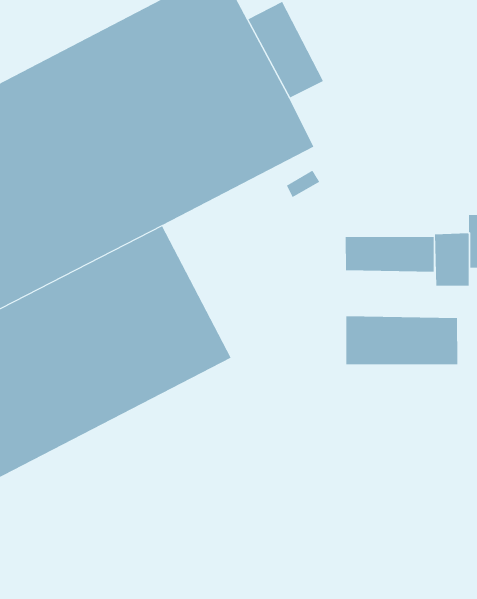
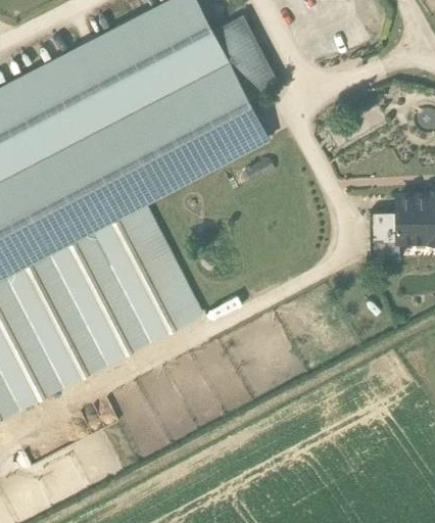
building: [345,236,434,272] -> none
building: [346,315,458,365] -> none

